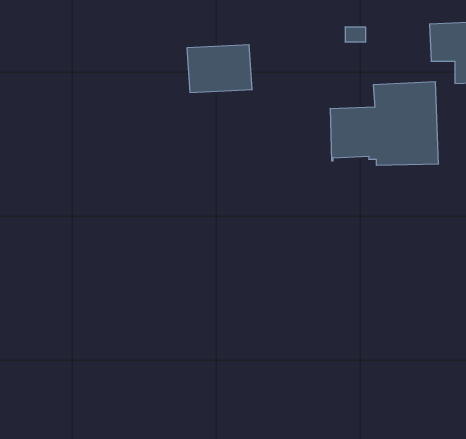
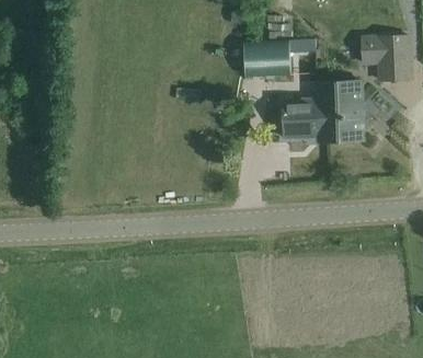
building: [187,45,252,92] -> [242,41,290,76]

